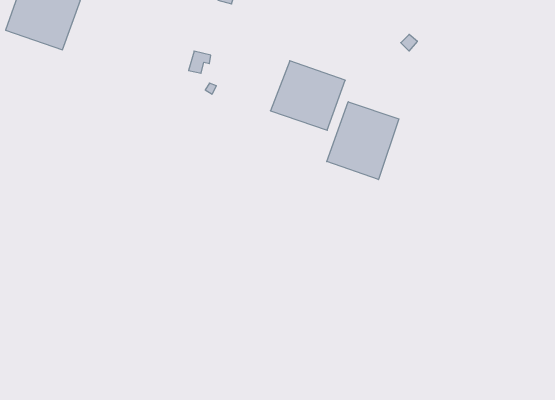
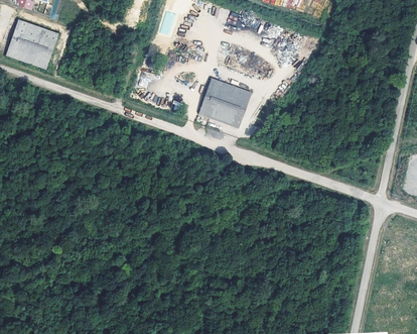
building: [327,102,399,180] -> none

